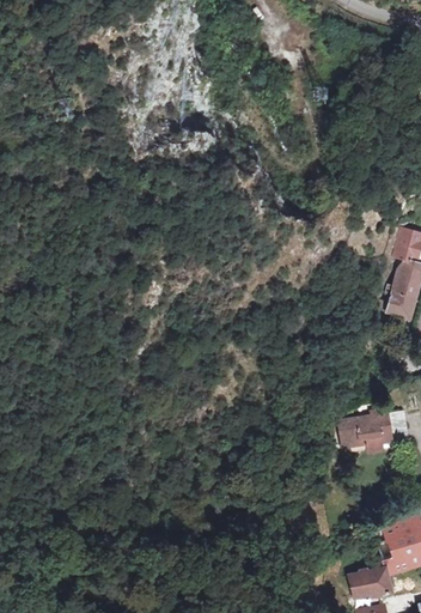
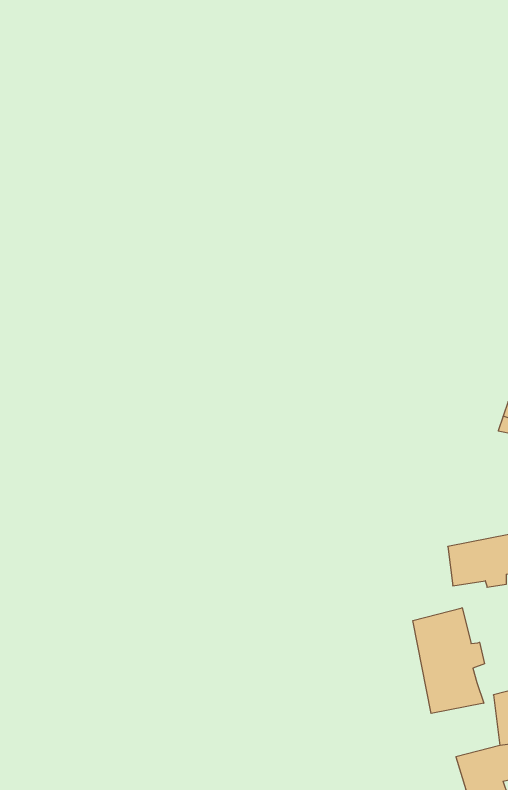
building: none -> [413,608,485,713]

